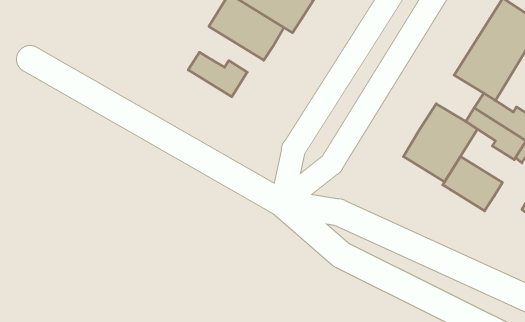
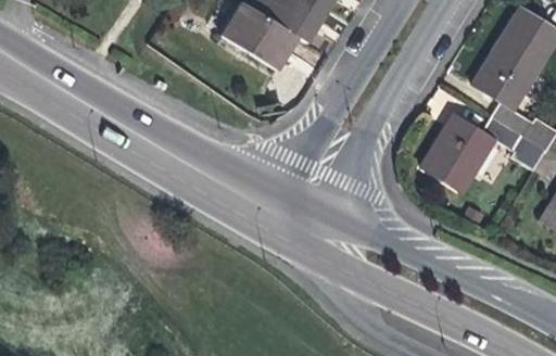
building: [188,52,247,97] -> none
building: [443,156,502,211] -> none

